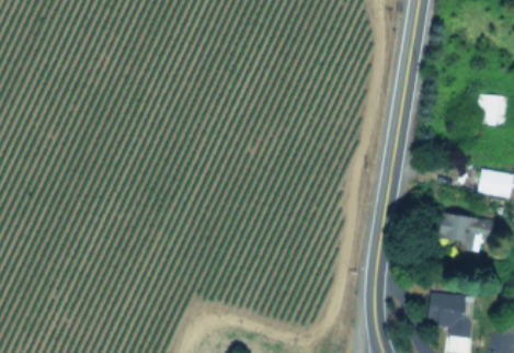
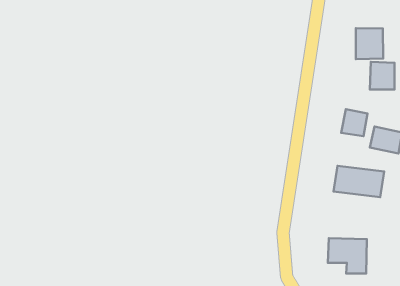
building: none -> [356,28,383,59]
building: none -> [341,109,367,136]

